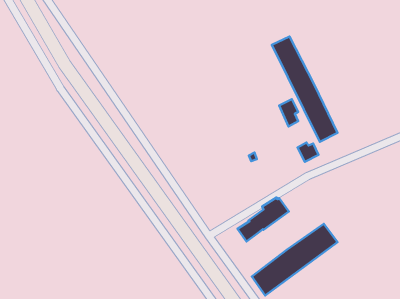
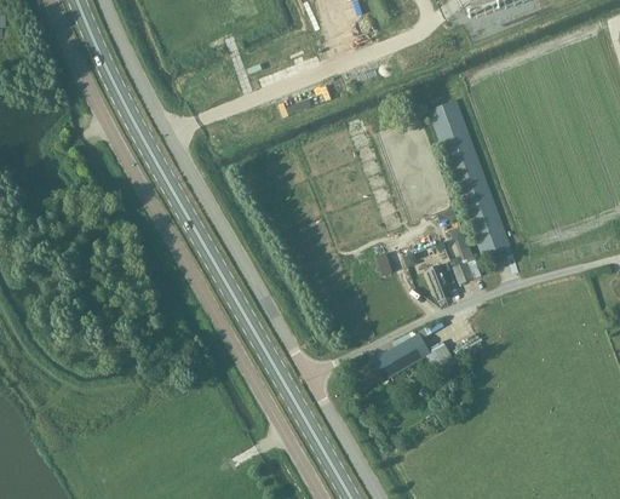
building: [279,99,298,126] -> [426,262,453,300]
building: [252,224,338,295] -> none

